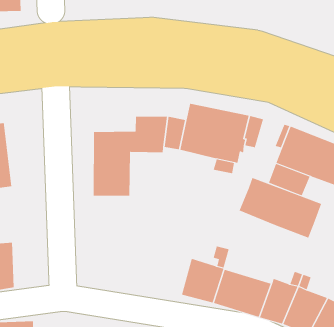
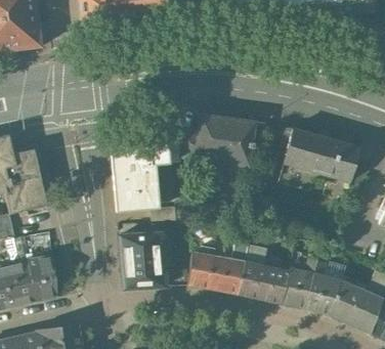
building: [239,177,322,239] -> none
building: none -> [118,231,164,288]
building: none -> [188,251,214,289]

